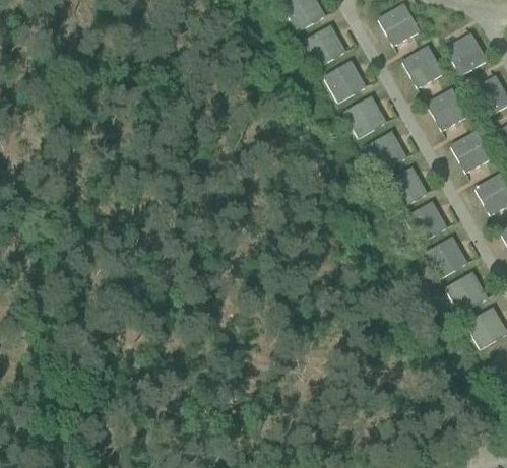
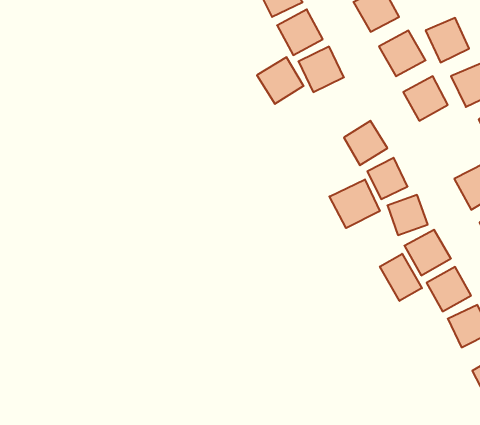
building: [343,94,388,139] -> [257,57,304,104]
building: [449,130,491,173] -> none
building: none -> [329,179,380,228]
building: none -> [380,254,422,301]

